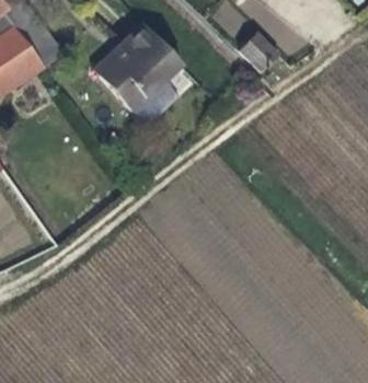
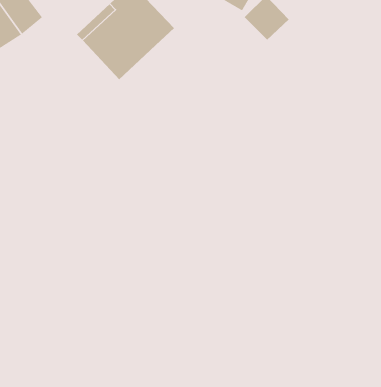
building: [130,74,180,121] -> none

